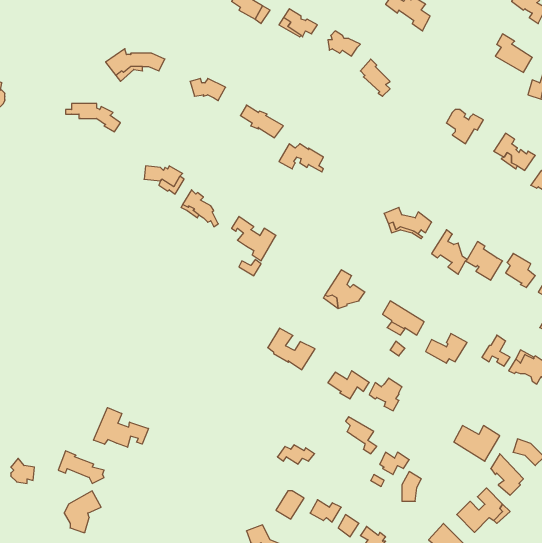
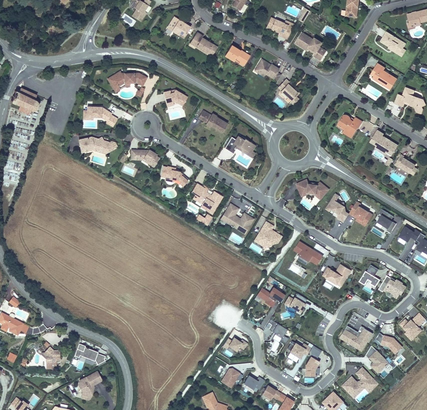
building: none -> [82,133,121,152]
building: [268,328,315,370] -> [221,204,253,232]
building: [94,408,148,447] -> none

